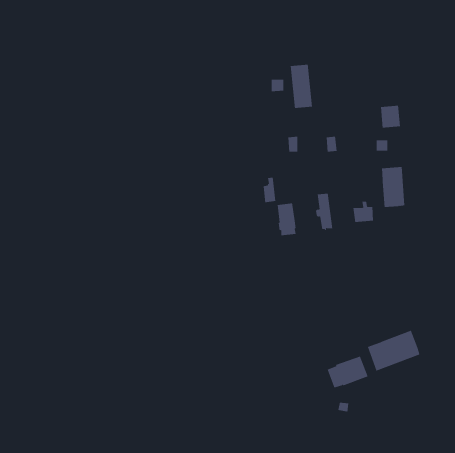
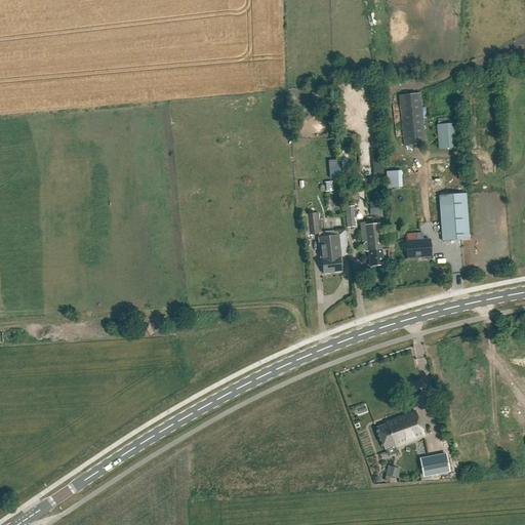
building: [290,64,313,109] -> [399,92,426,144]
building: [367,330,420,371] -> none
building: none -> [420,452,449,475]

